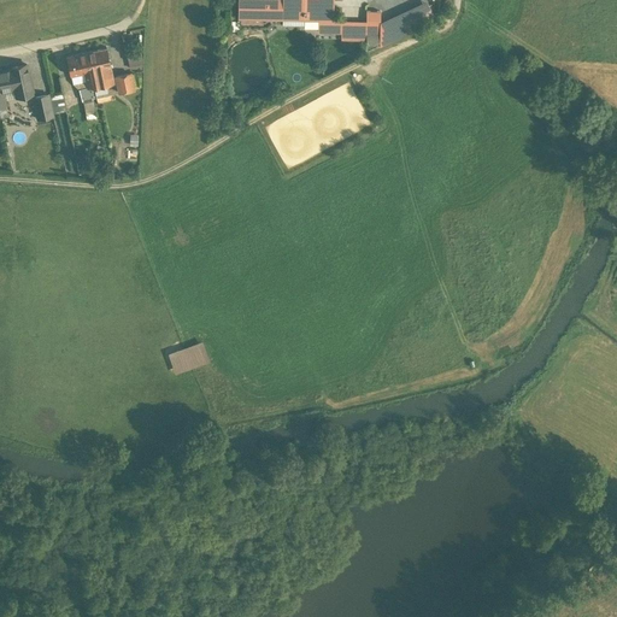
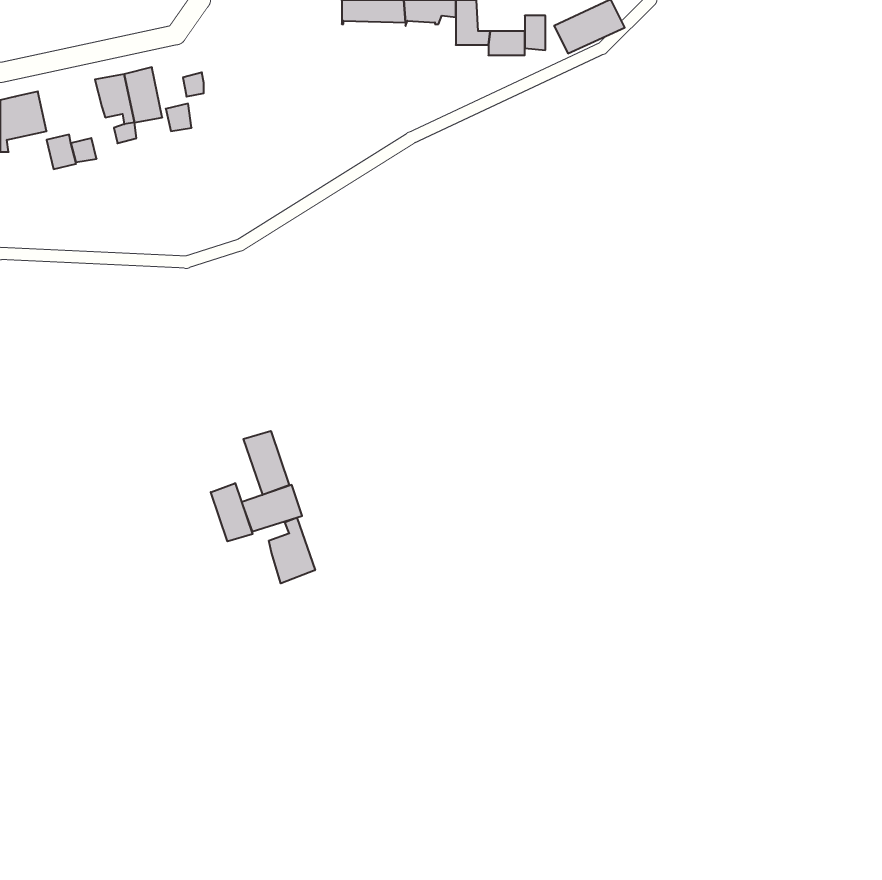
building: none -> [243,431,289,495]
building: none -> [211,483,253,541]
building: none -> [269,518,315,583]

